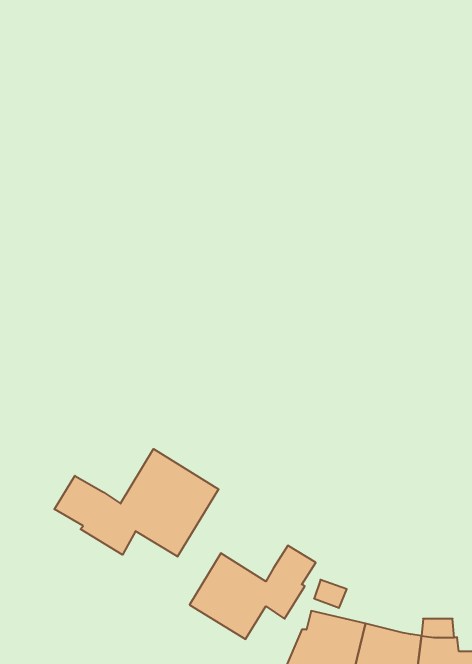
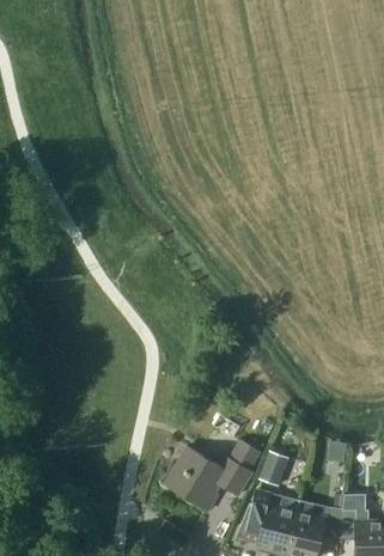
building: [54,449,219,557] -> none

